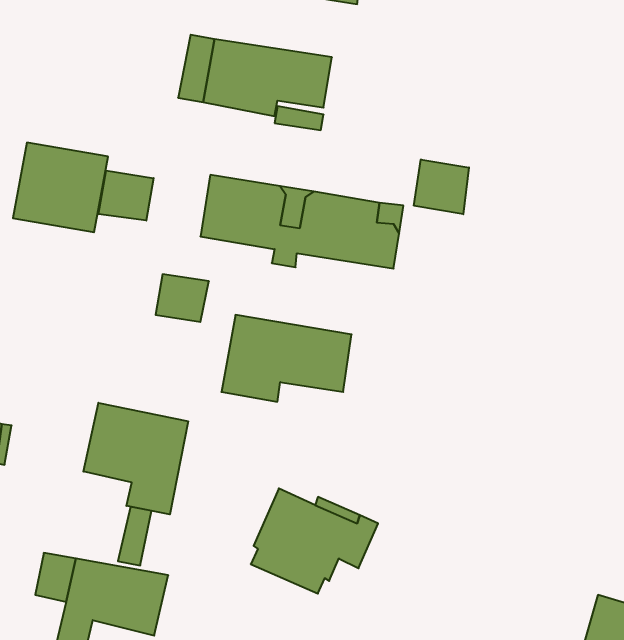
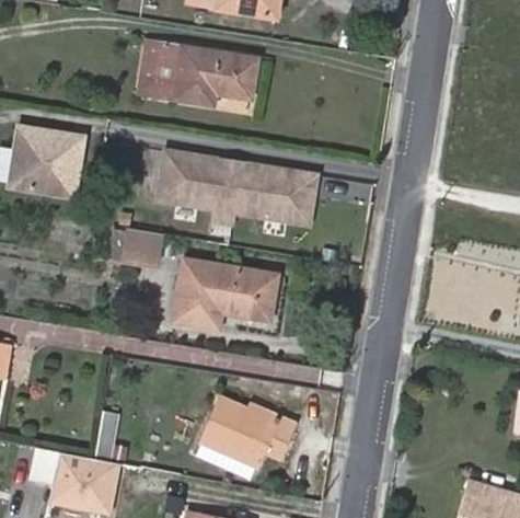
building: [414,159,469,214] -> none
building: [98,171,154,221] -> none
building: [83,403,188,514] -> none

